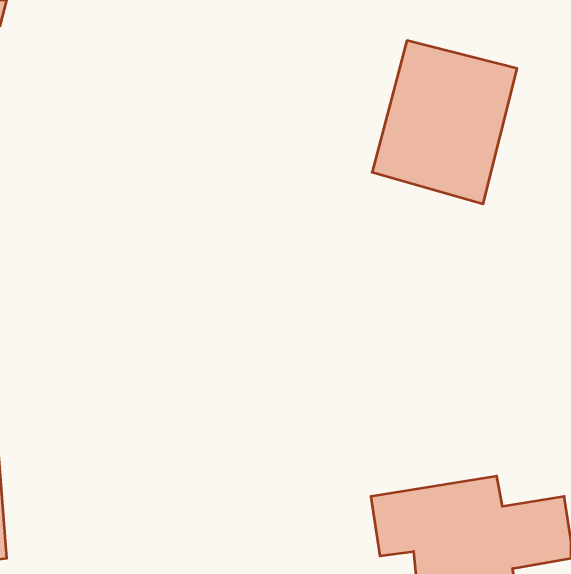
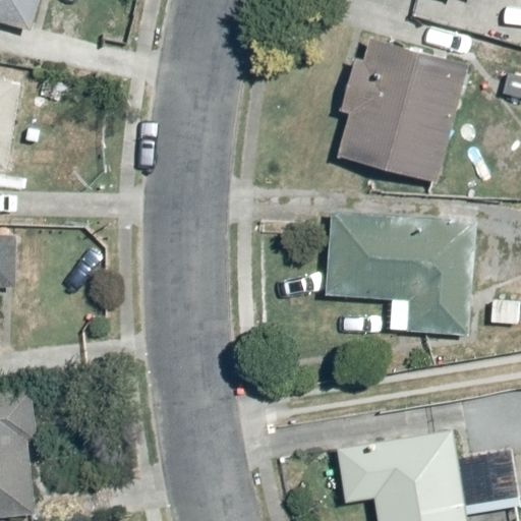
building: none -> [325,212,475,334]

